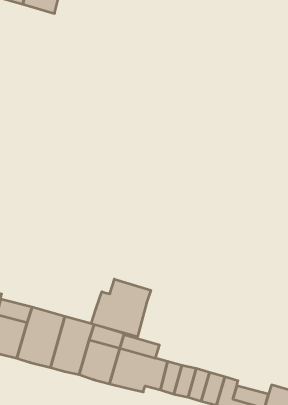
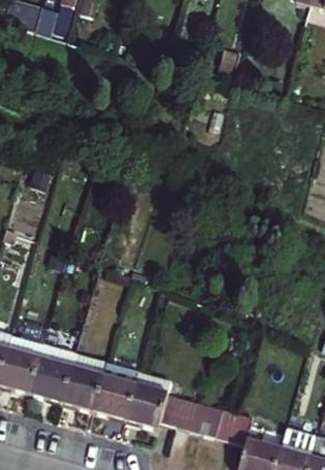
building: [91,279,151,337] -> none

